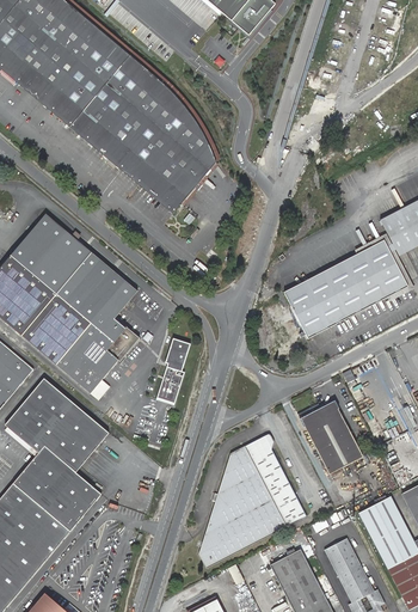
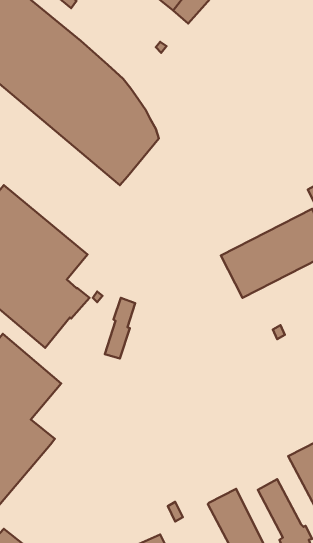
building: [297,402,363,475] -> none
building: [199,434,305,568] -> none

